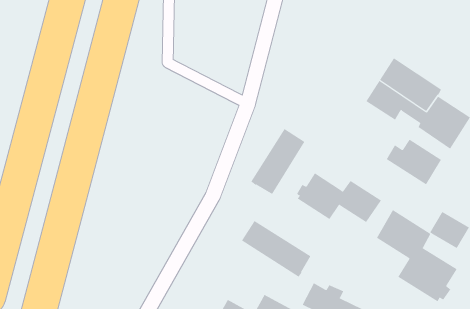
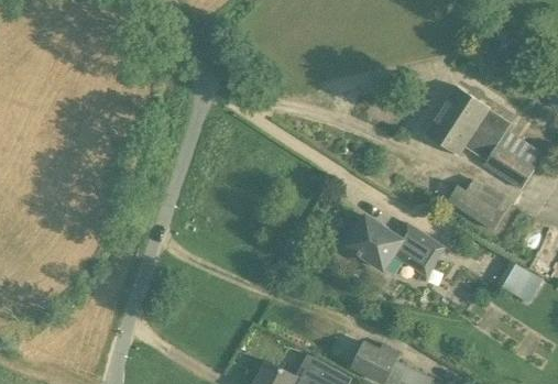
building: [250,128,305,195] -> none
building: [376,209,458,302] -> none
building: [241,220,311,277] -> none

